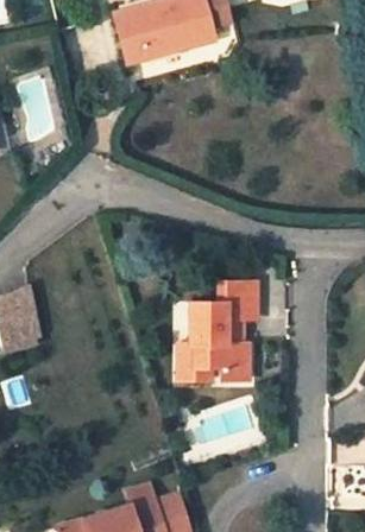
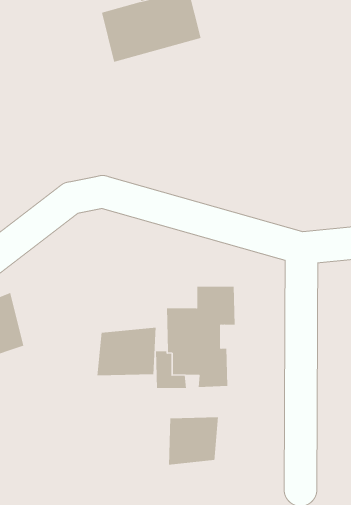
building: none -> [97,327,156,376]
building: none -> [168,416,218,466]

